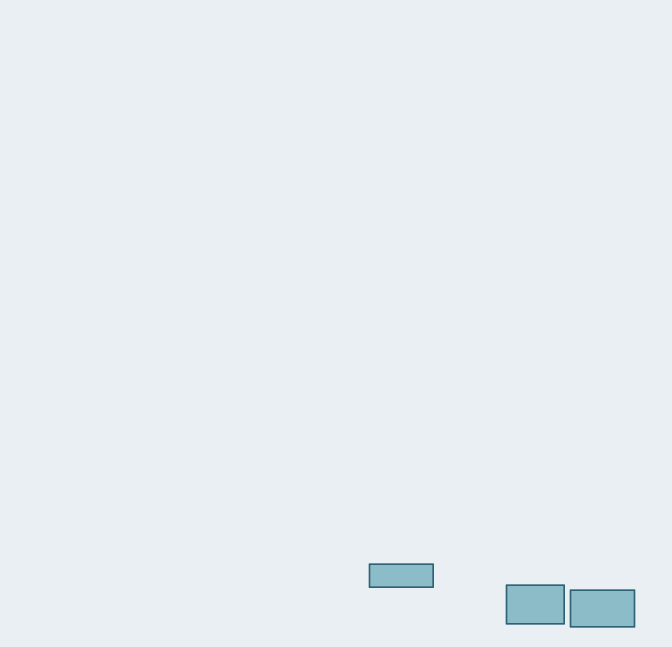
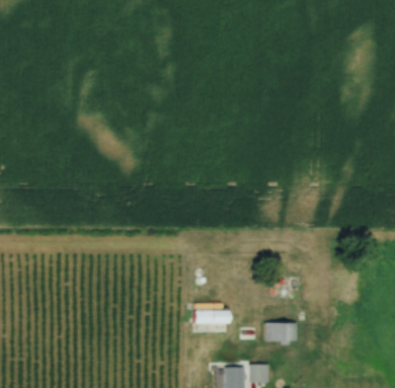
building: [570,590,634,627] -> none

